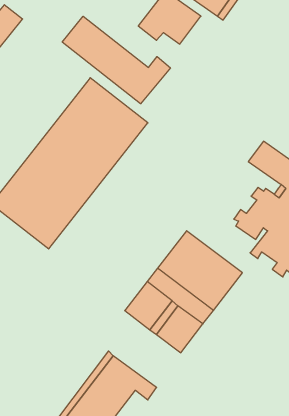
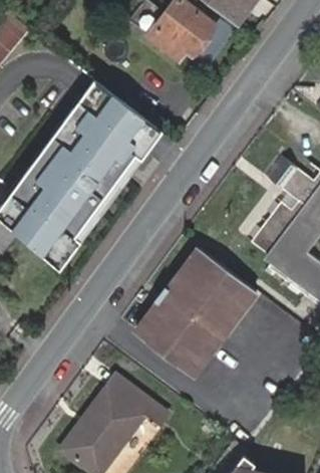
building: [62,16,170,104] -> none

